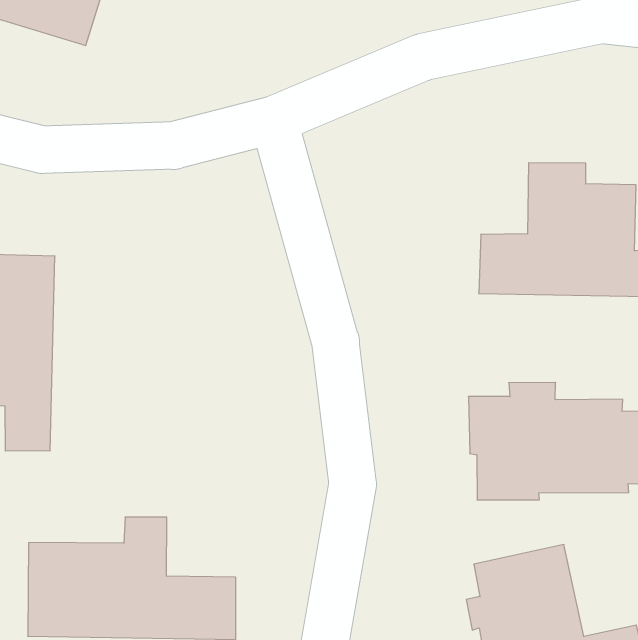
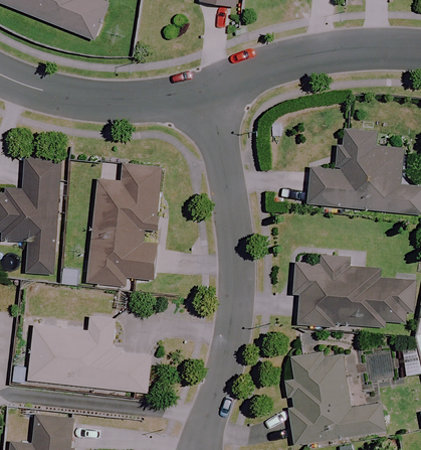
building: none -> [86,163,163,286]

